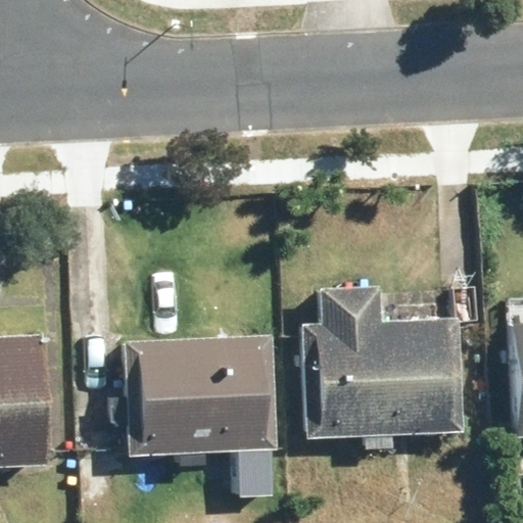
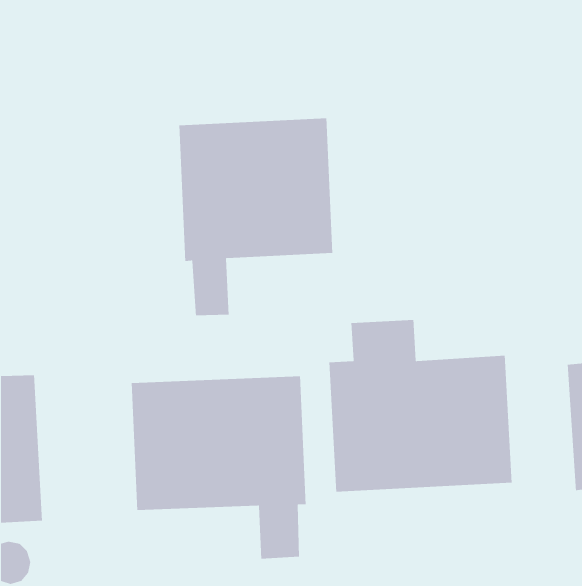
building: none -> [178,118,333,316]

